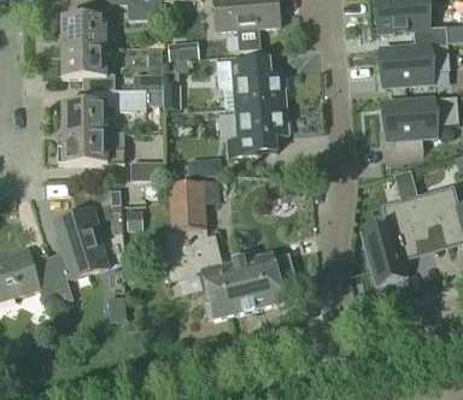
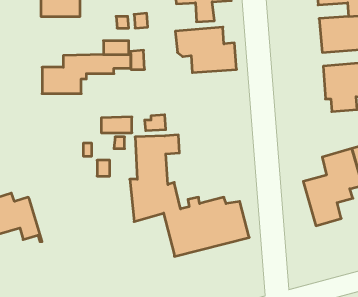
building: [61,45,115,84] -> none
building: [225,105,286,155] -> none
building: [57,133,124,163] -> none
building: [48,205,109,301] -> none

